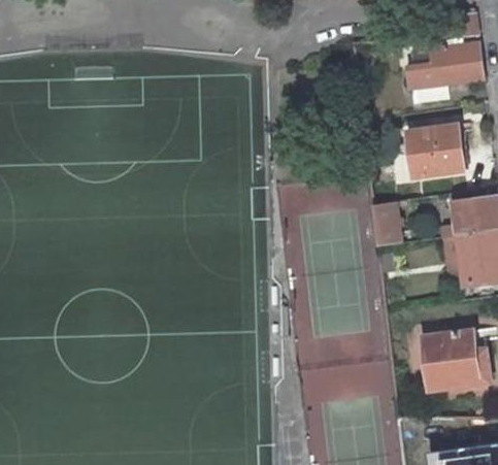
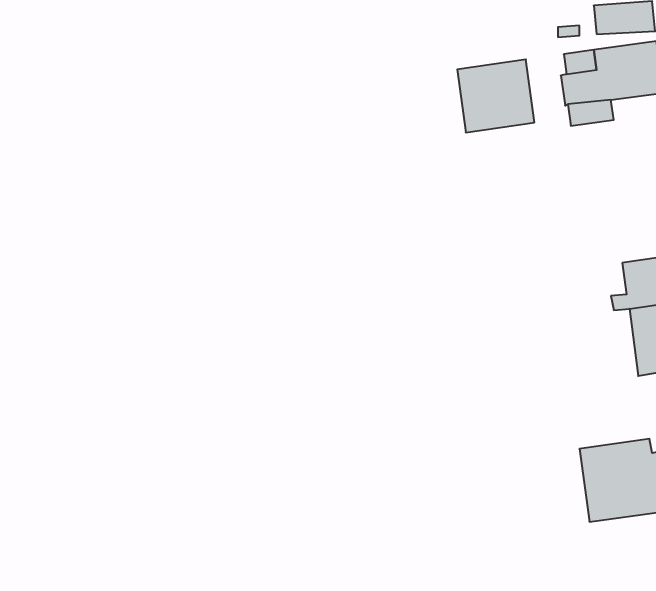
building: [407,124,463,176] -> [457,59,534,132]
building: [372,200,406,245] -> none

